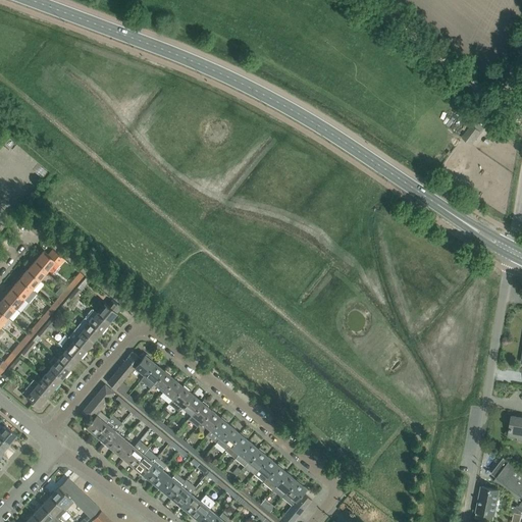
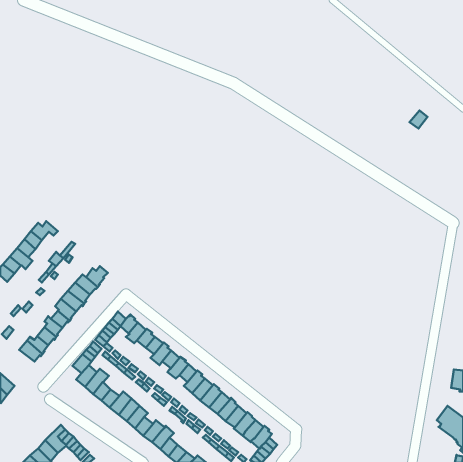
building: [476,487,500,516] -> none

